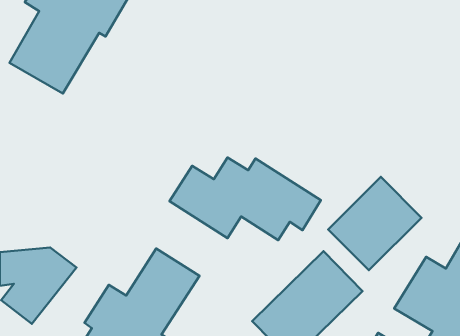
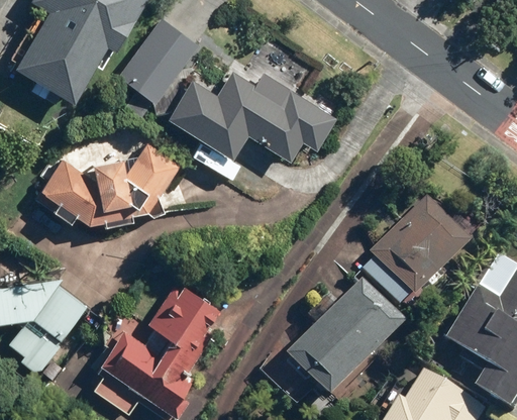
building: none -> [118,19,199,105]
building: none -> [46,136,185,219]
building: [169,158,321,240] -> [168,72,336,164]

